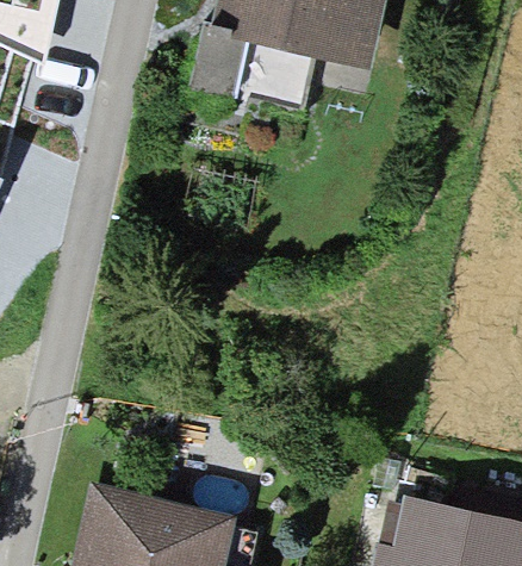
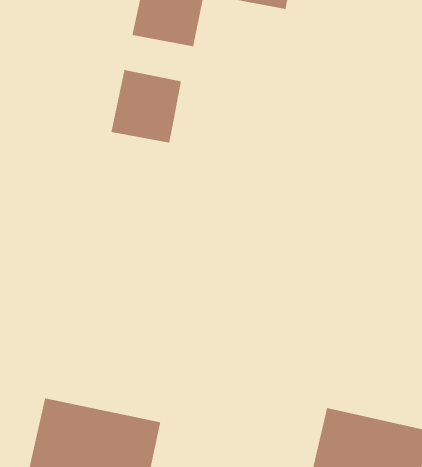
building: none -> [110,69,182,143]

